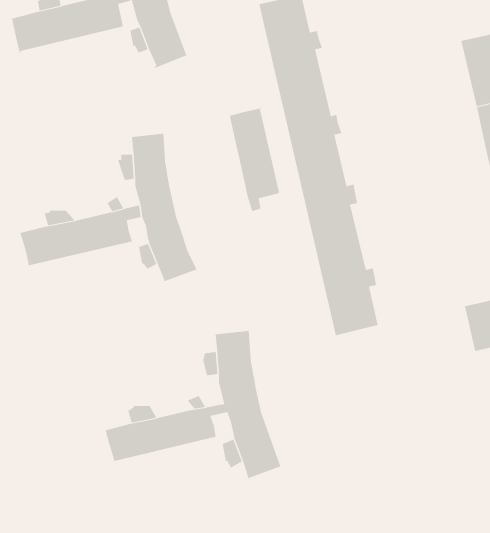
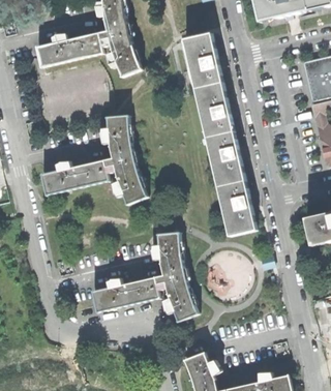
building: [228,107,282,212] -> none

